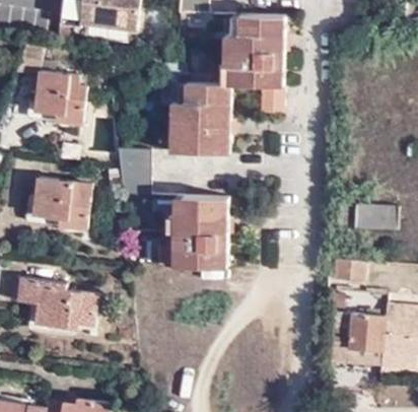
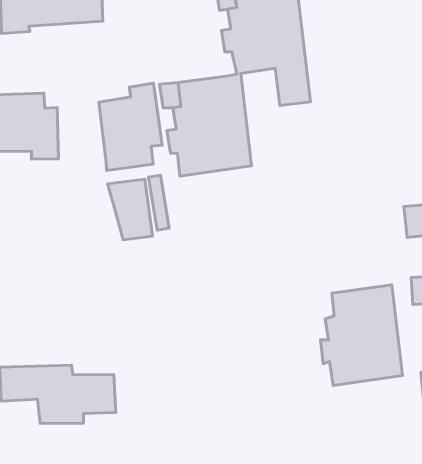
building: none -> [99,83,162,171]
building: [38,180,96,231] -> none
building: [165,196,226,266] -> [320,285,402,385]

